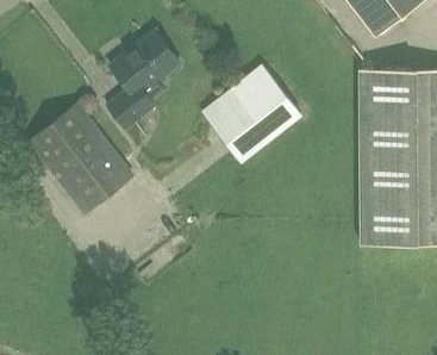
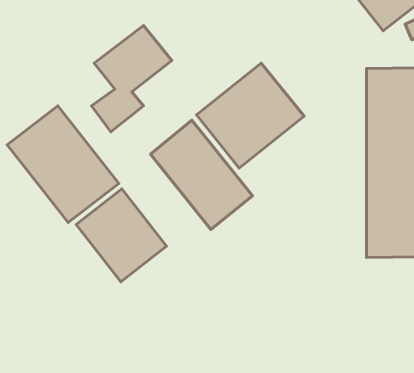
building: none -> [151,120,252,230]
building: none -> [76,189,167,282]

